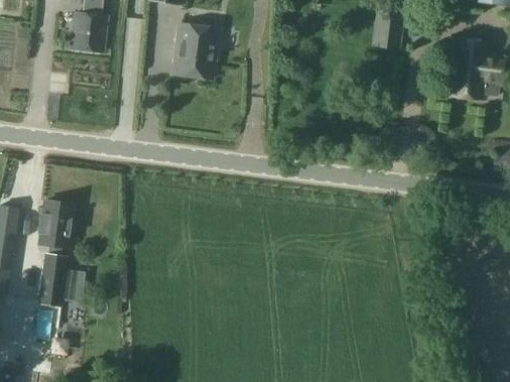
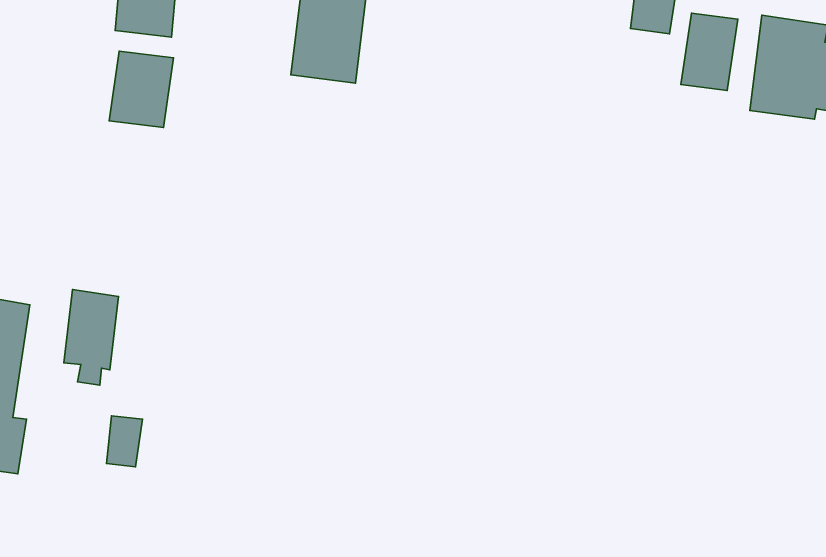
building: none -> [681,13,738,91]
building: none -> [109,51,174,128]
building: [39,254,67,303] -> none

